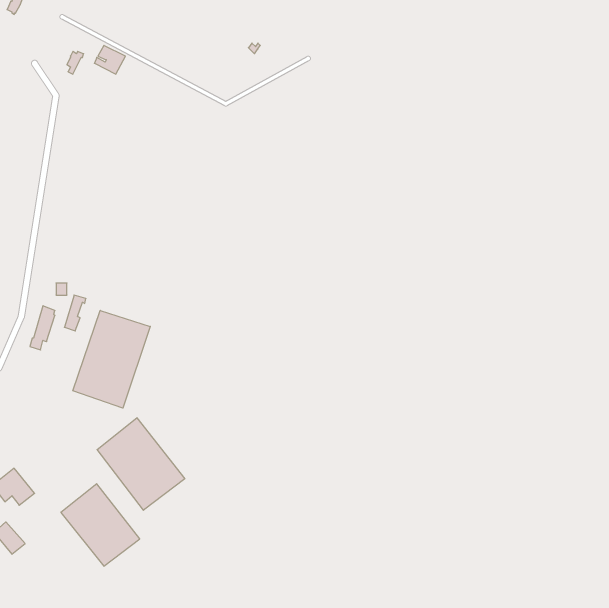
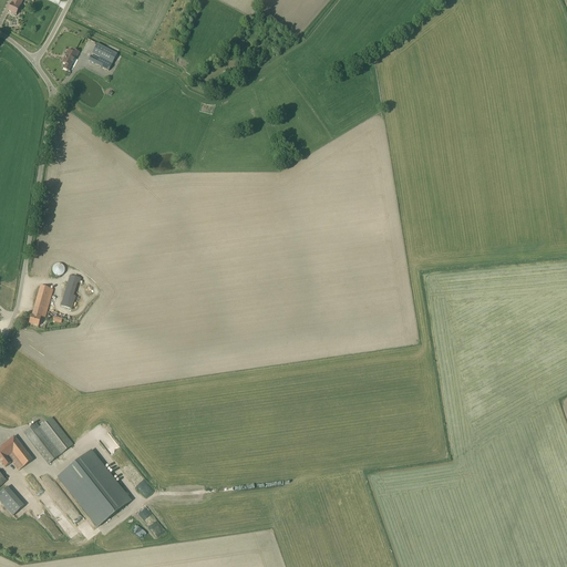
building: [73,310,150,408] -> none
building: [97,418,185,510] -> none
building: none -> [22,415,72,463]

